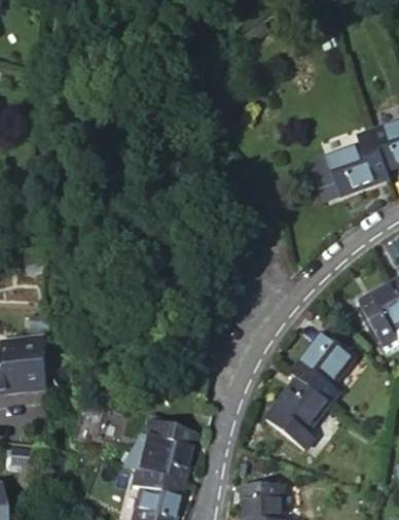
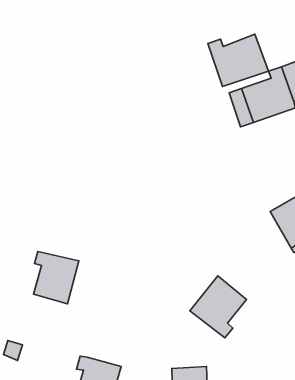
building: none -> [208,34,268,86]
building: [290,331,357,404] -> none
building: [143,421,196,483] -> [34,251,79,304]

